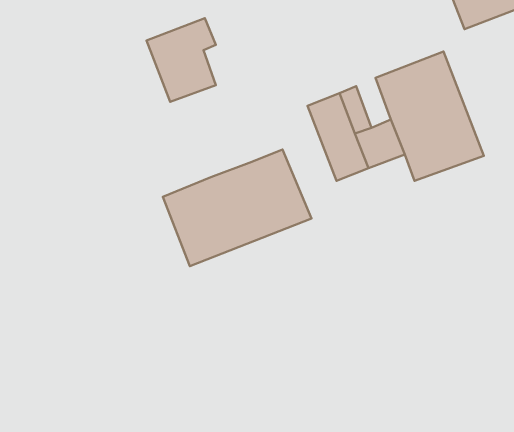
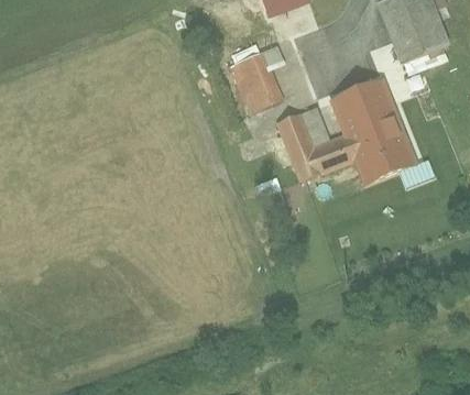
building: [146,18,216,102] -> [228,45,283,111]
building: [163,149,311,266] -> none

